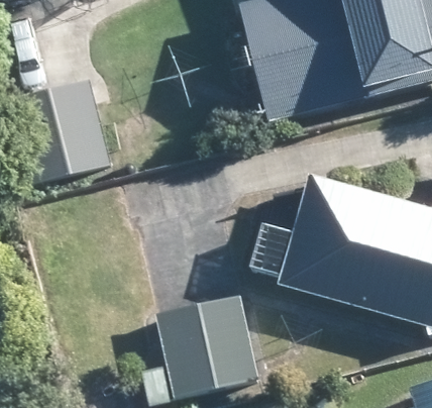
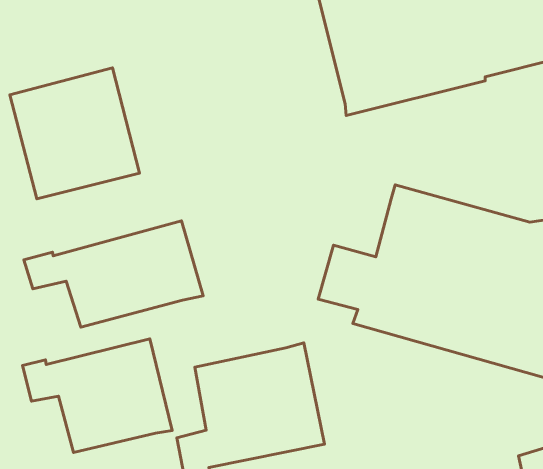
building: none -> [24,221,203,327]
building: none -> [22,339,172,452]

